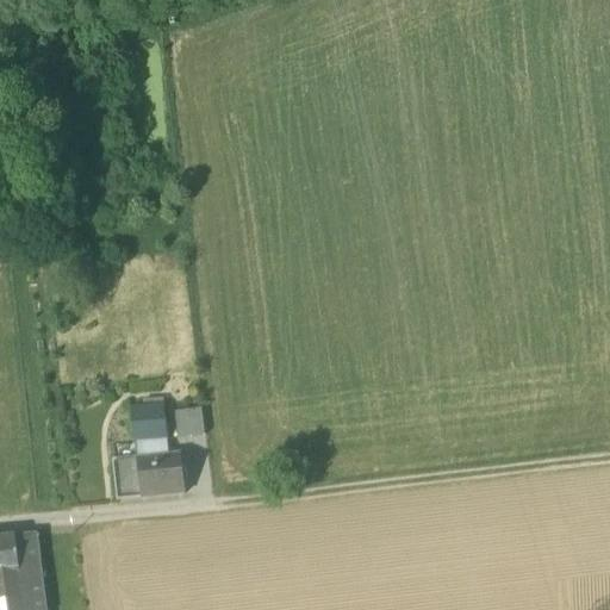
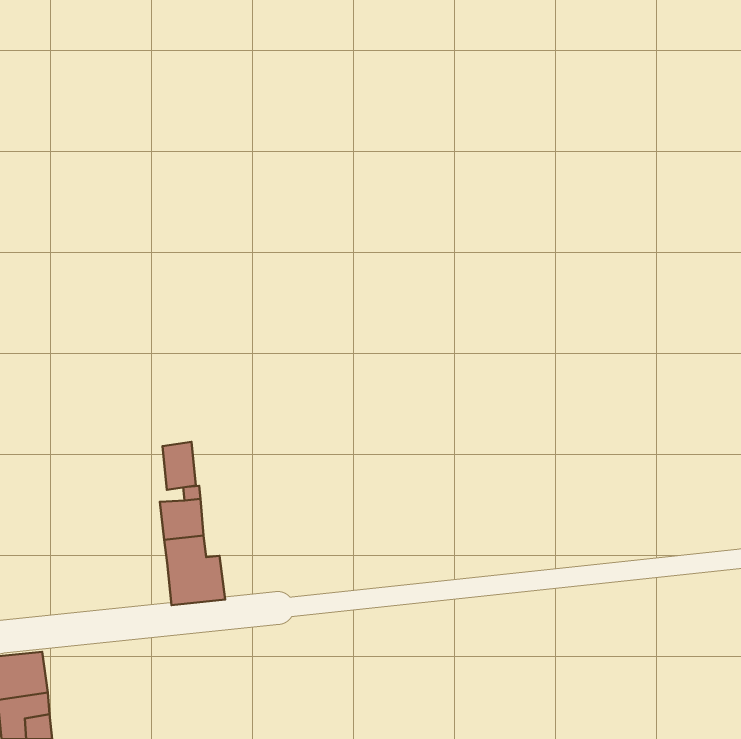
building: [178,402,205,441] -> [163,442,196,490]
building: [112,461,141,498] -> none

